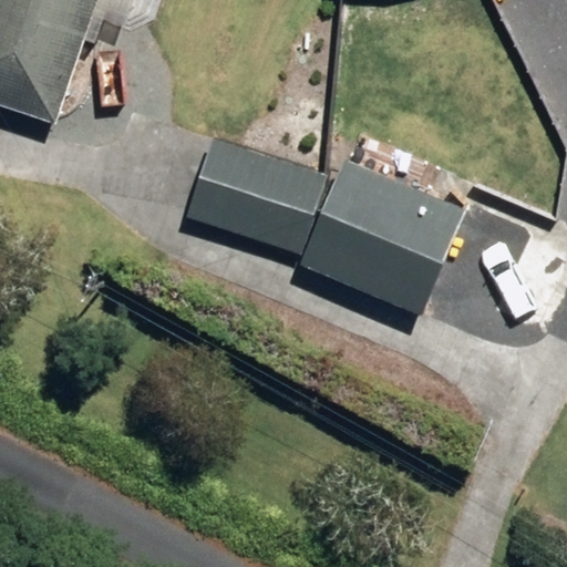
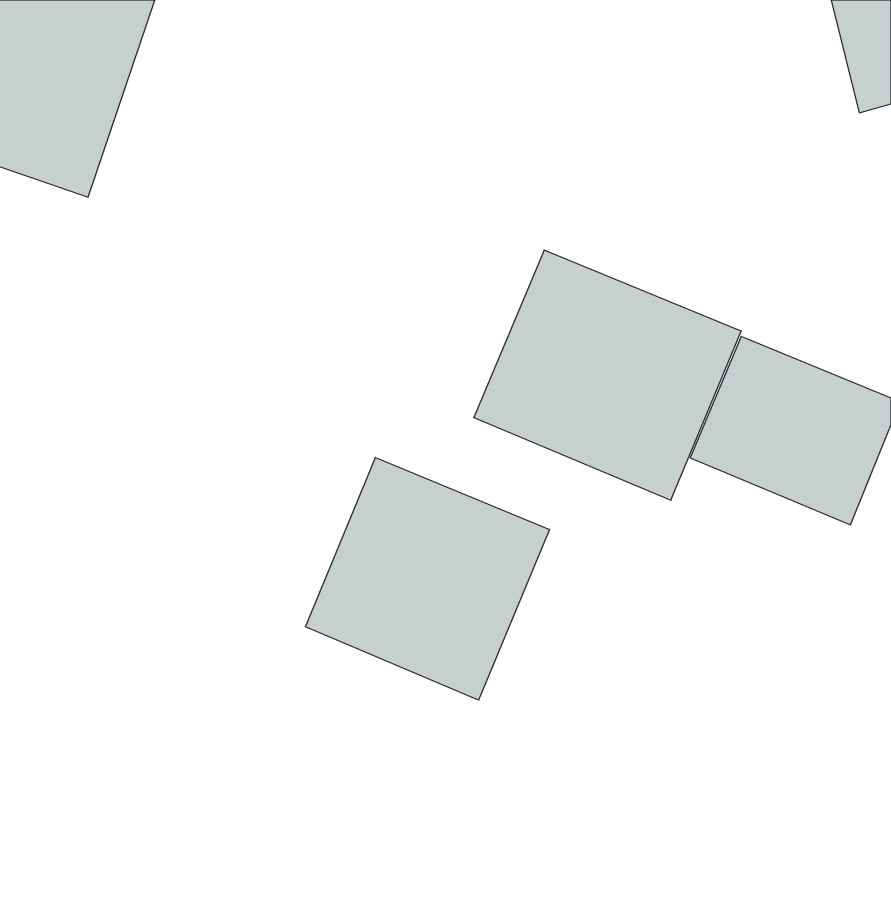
building: [183,135,324,252] -> none
building: none -> [305,457,550,700]

